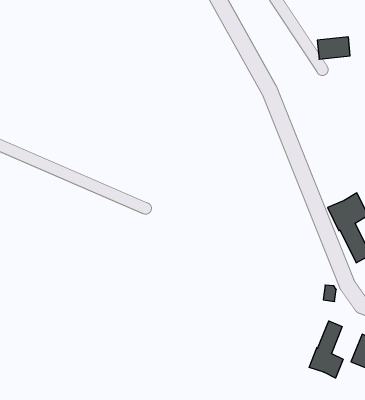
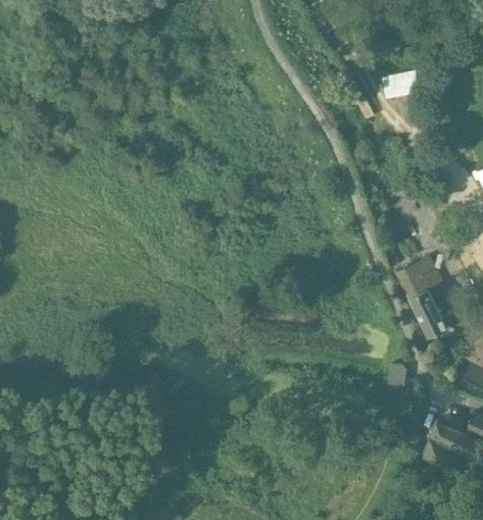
building: [309,321,343,378] -> none

